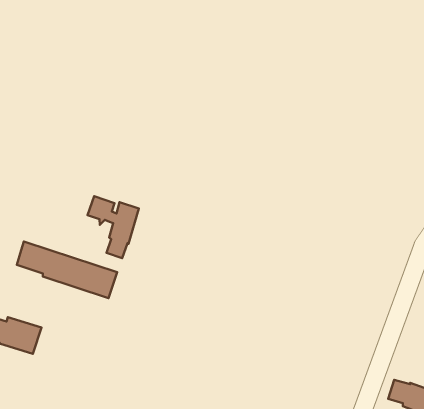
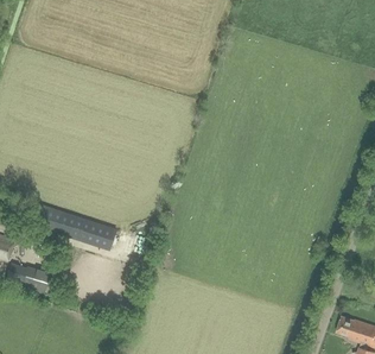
building: [87,196,139,258] -> none

